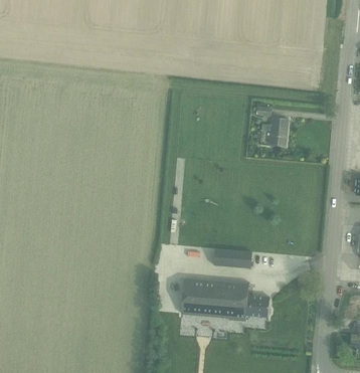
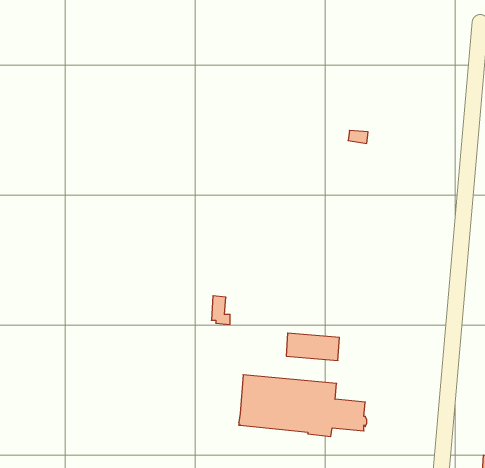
building: [261,118,289,146] -> none

